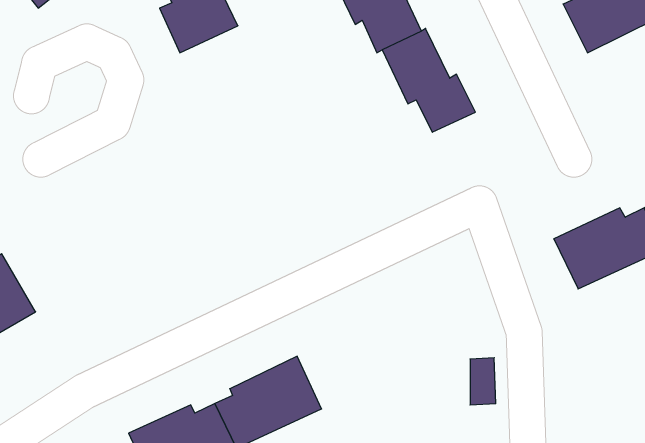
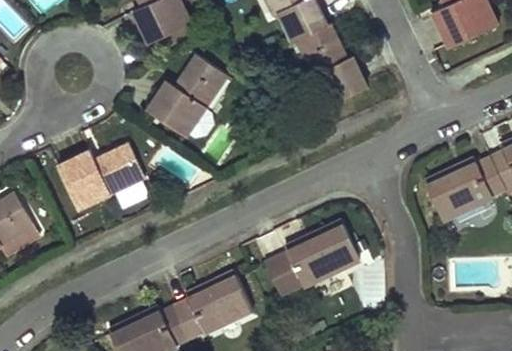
building: none -> [148,54,230,140]
building: none -> [58,145,143,209]
building: none -> [264,222,360,295]

